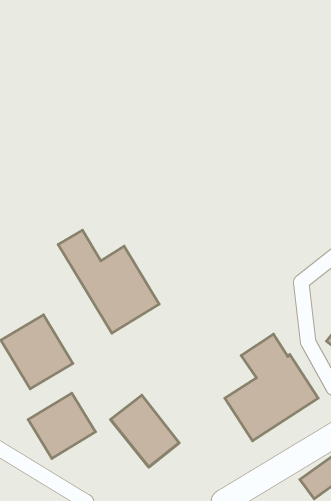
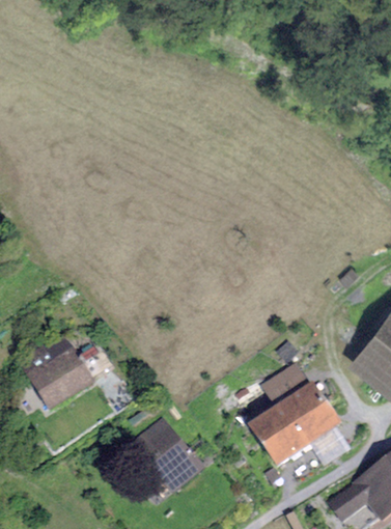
building: [58,230,159,333] -> none
building: [28,393,96,458] -> none

